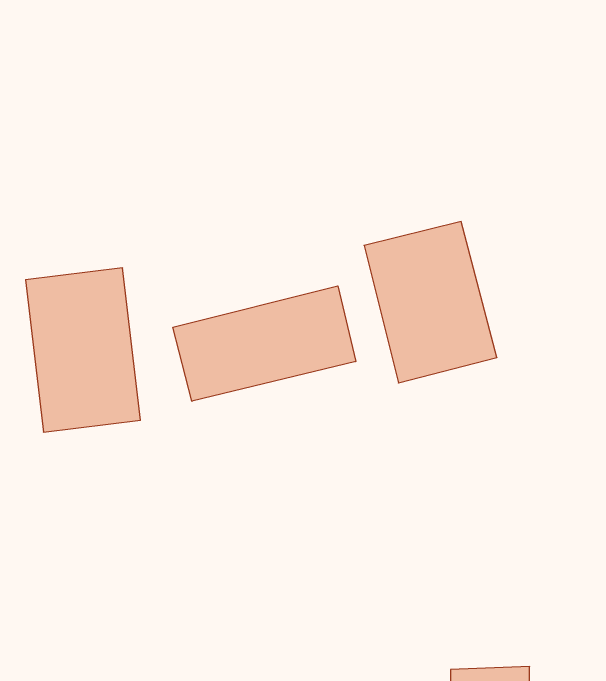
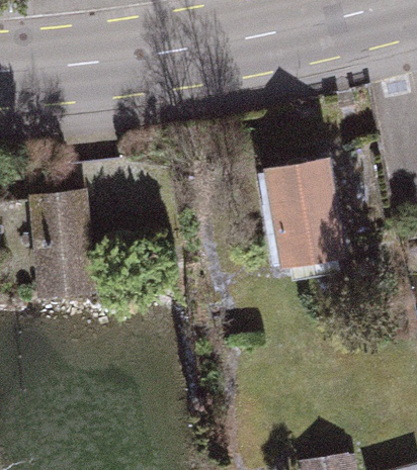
building: [173,286,356,401] -> none

